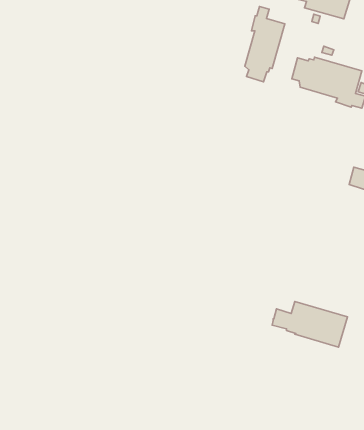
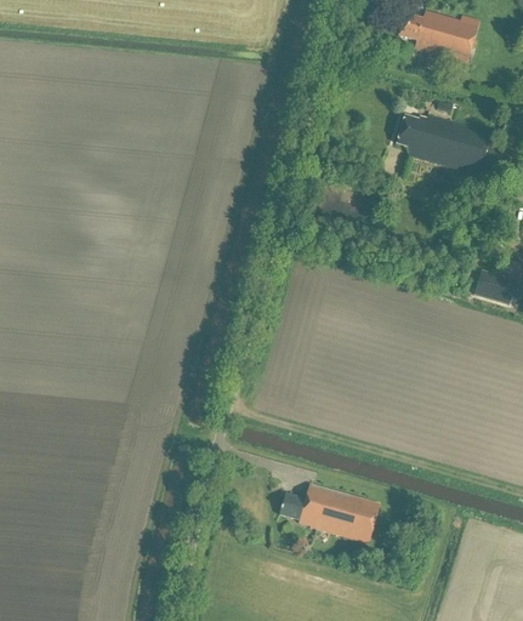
building: [245,7,285,82] -> none
building: [272,302,348,347] -> [279,483,380,543]

